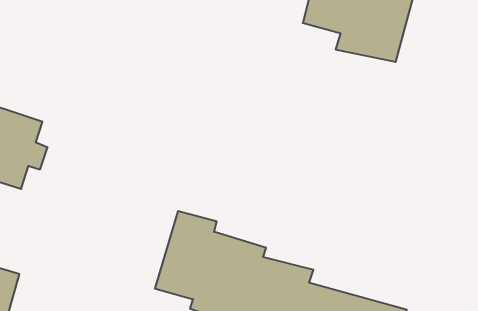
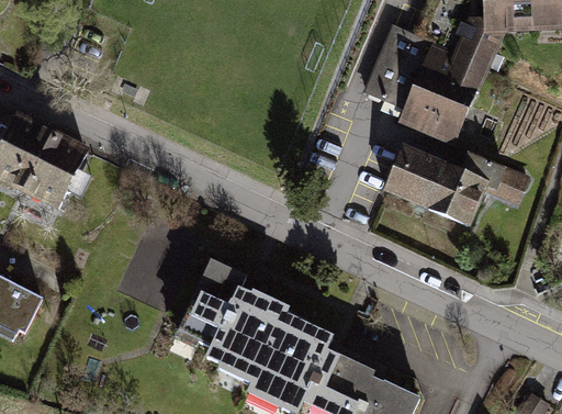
building: none -> [381,143,525,228]

